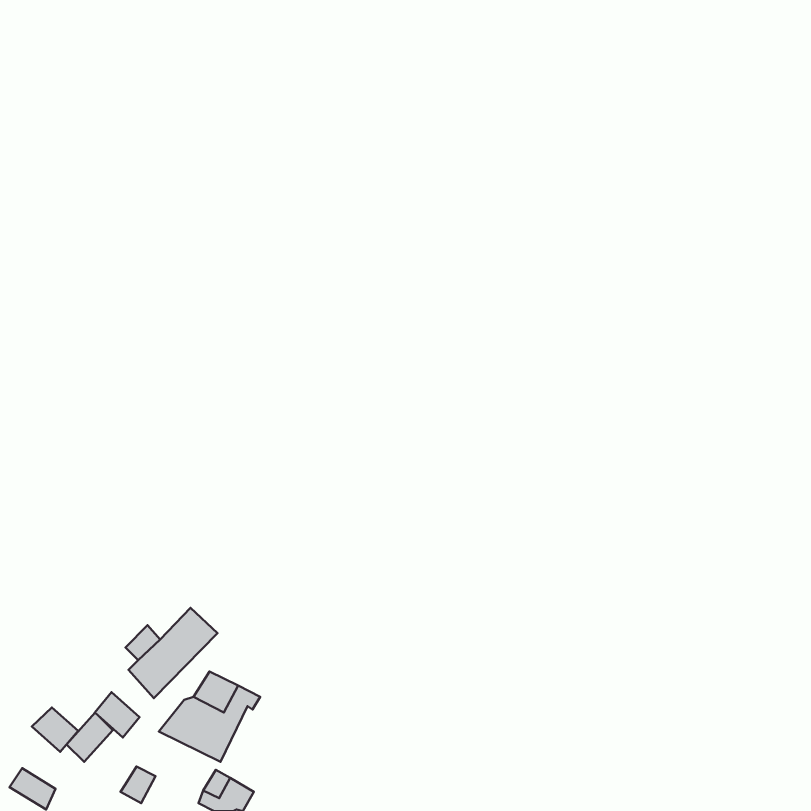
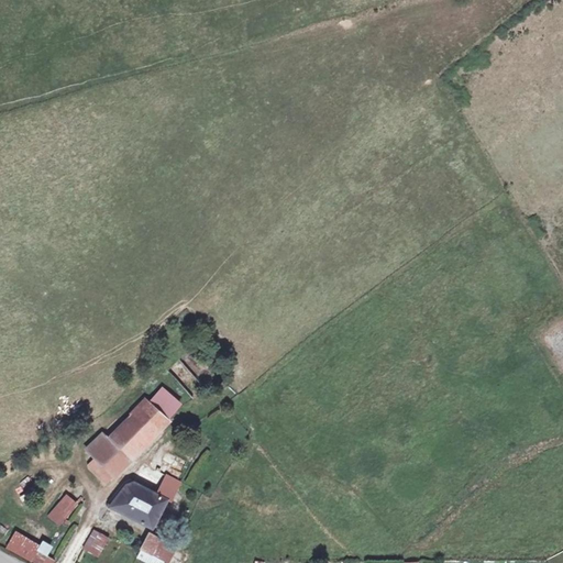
building: none -> [132,389,180,439]
building: [95,692,140,738] -> none
building: [32,708,78,752] -> none

